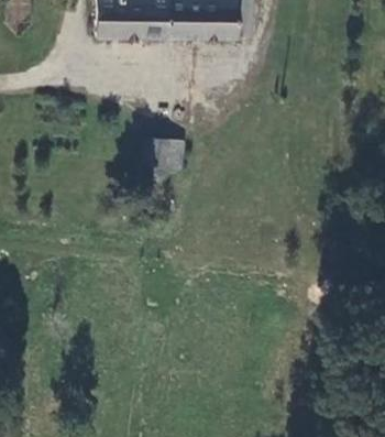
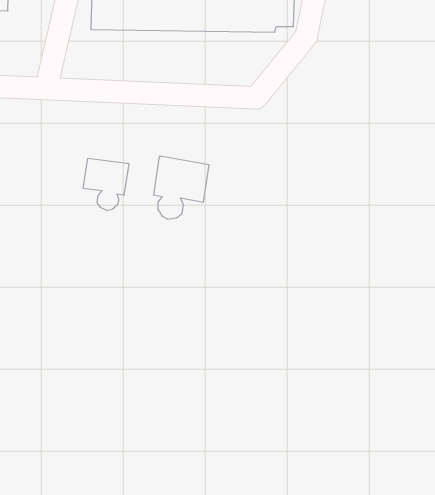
building: none -> [83,158,129,211]

